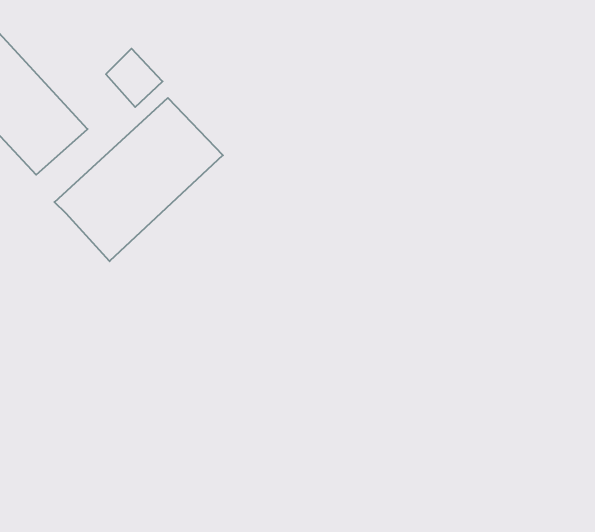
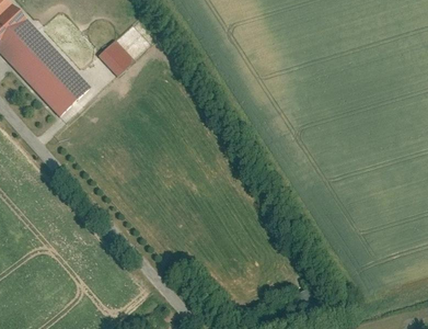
building: [54,98,223,261] -> none

